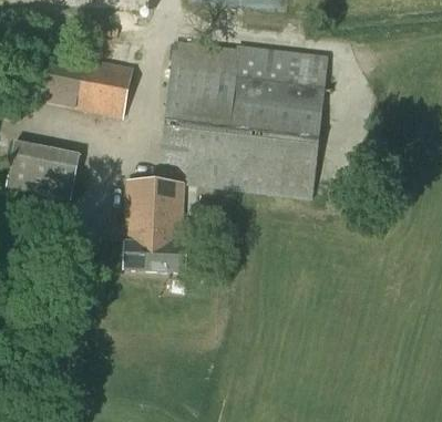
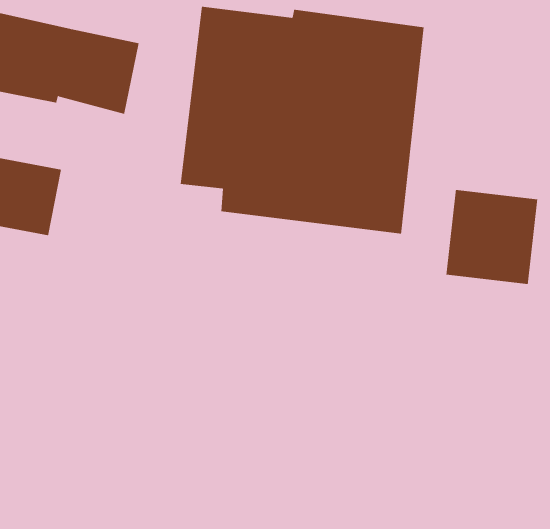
building: none -> [446,189,538,285]
building: [123,179,185,274] -> none

